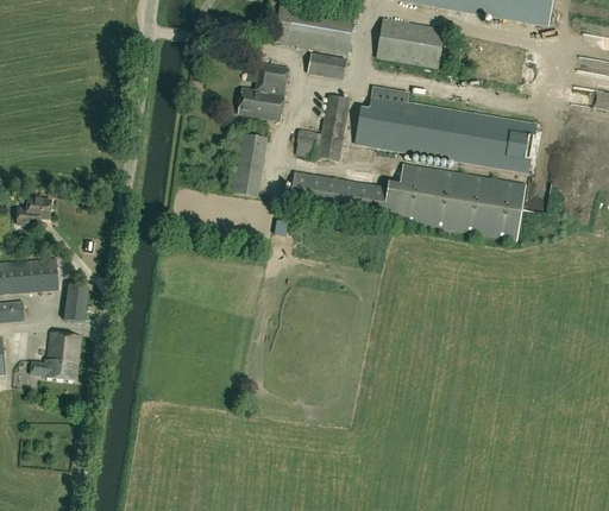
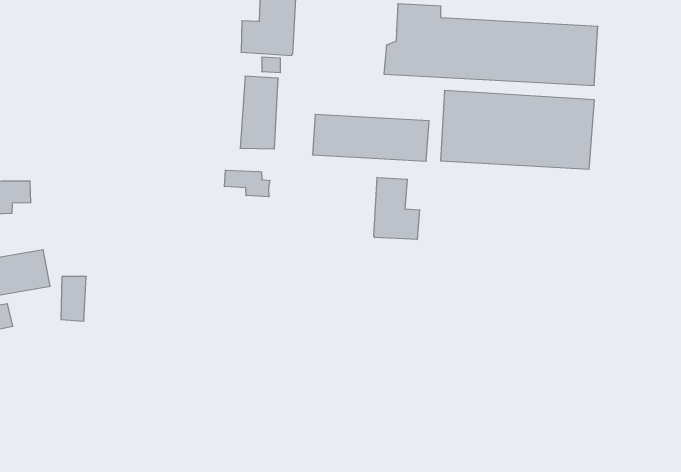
building: [287,95,349,159] -> none
building: none -> [225,170,270,197]
building: none -> [374,177,419,240]
building: [30,333,80,380] -> none

